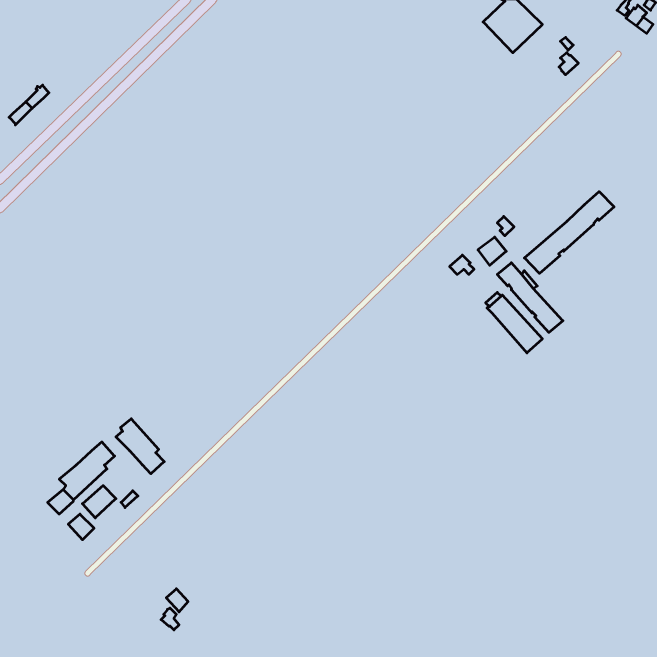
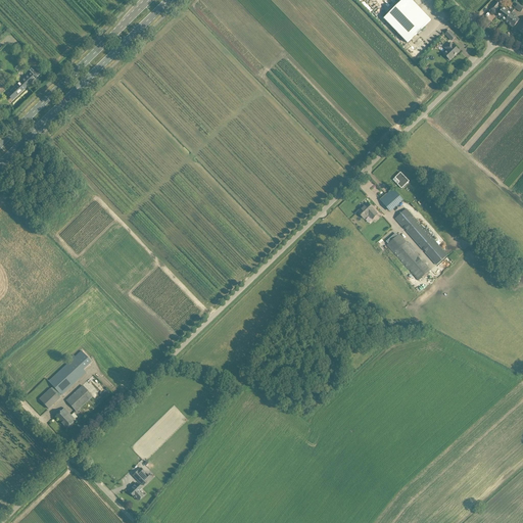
building: [524,192,614,273] -> none
building: [116,419,164,474] -> none

